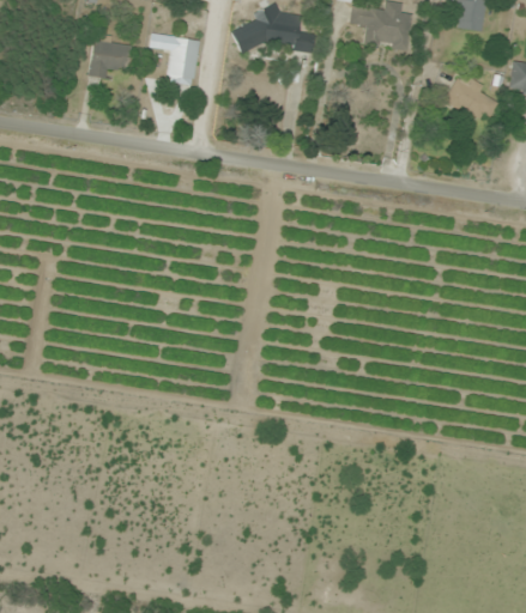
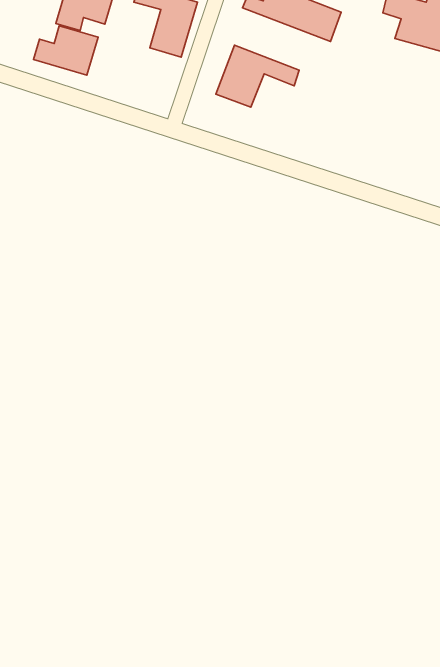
building: none -> [216,45,299,107]
building: none -> [34,26,98,75]

